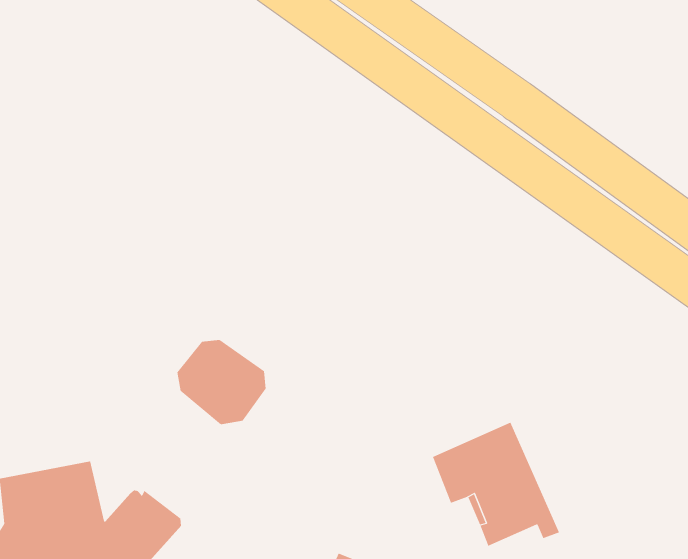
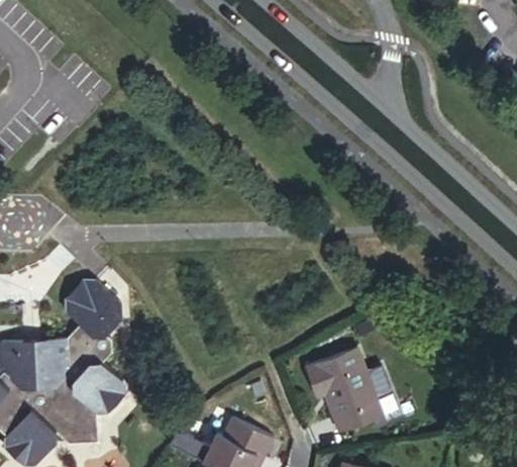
building: [176,339,267,425] -> [65,283,125,342]

